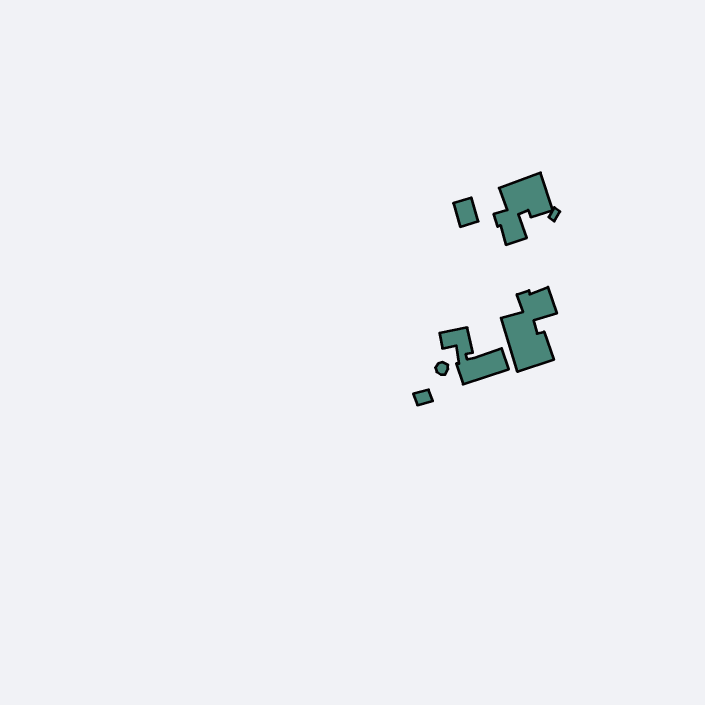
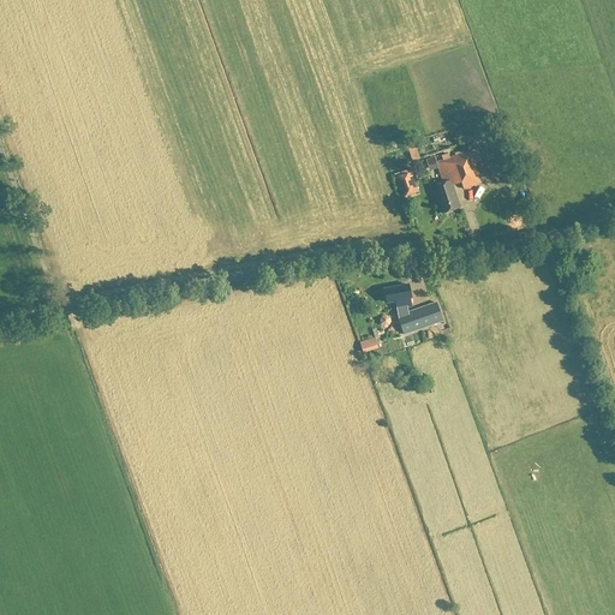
building: [501,287,557,372] -> none

